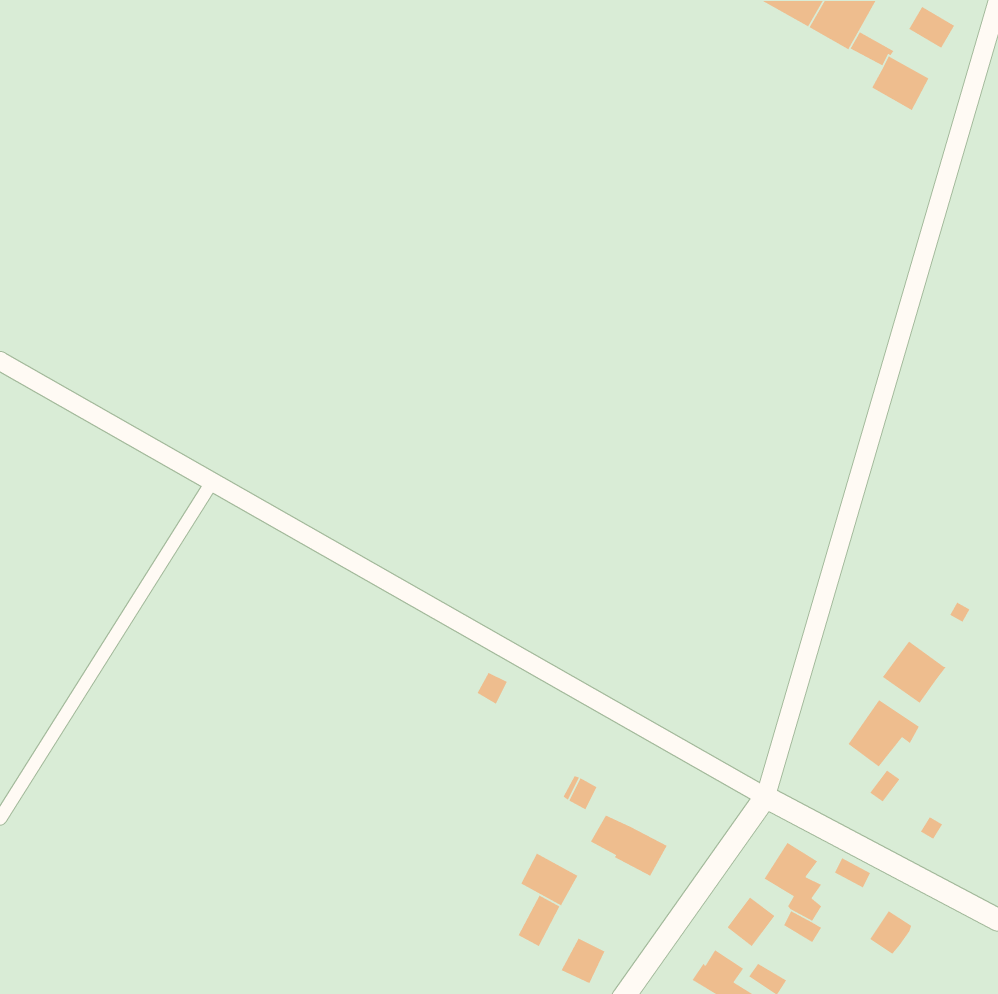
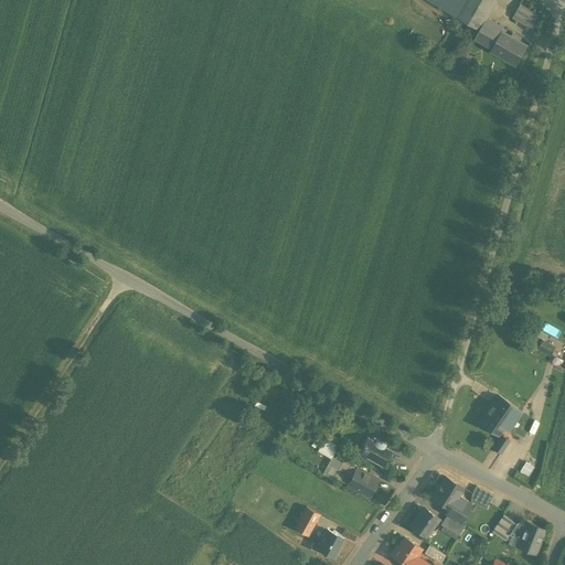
building: [882,640,947,704] -> none
building: none -> [358,438,391,468]
building: [520,852,579,907] -> none
building: none -> [509,523,544,555]

